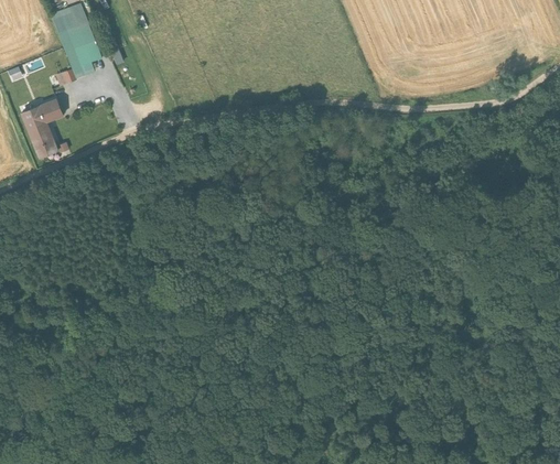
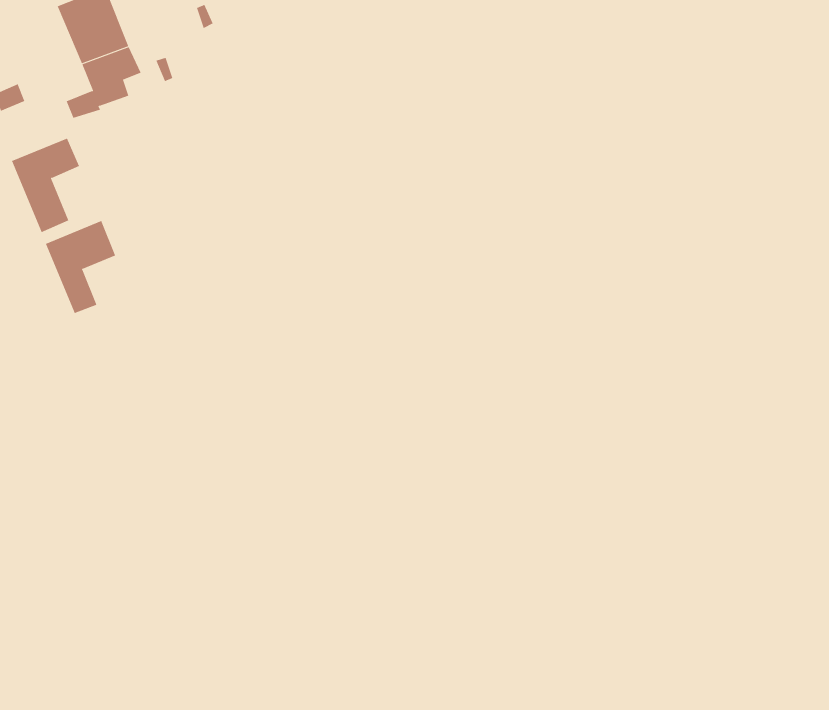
building: none -> [45,220,116,314]

